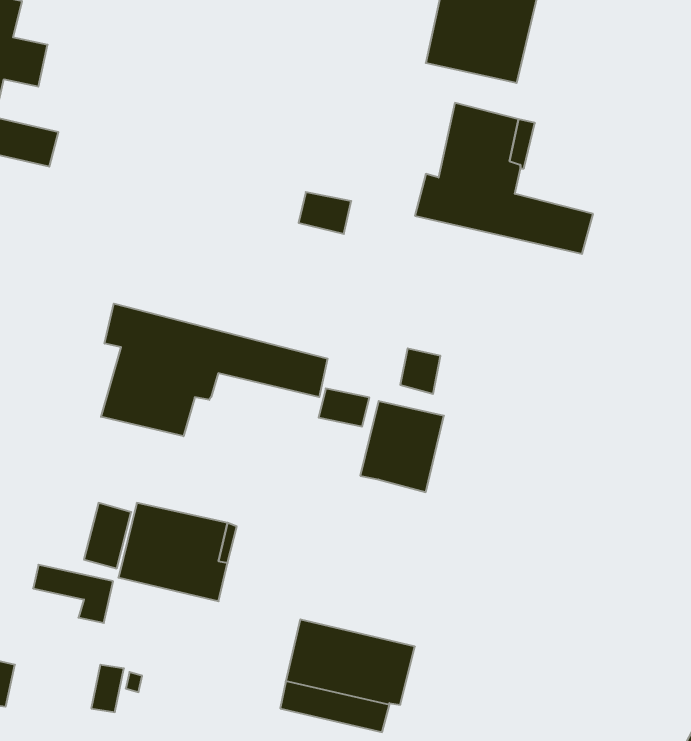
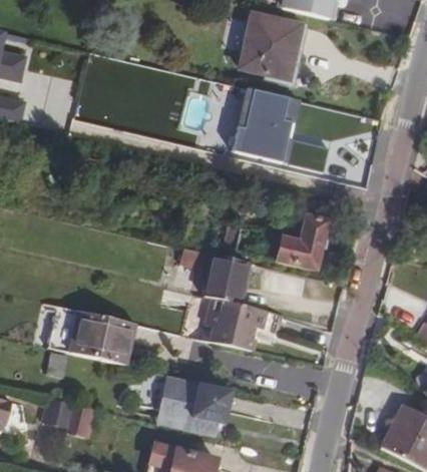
building: [101,304,328,436] -> none
building: none -> [277,214,328,269]
building: none -> [206,297,276,349]

